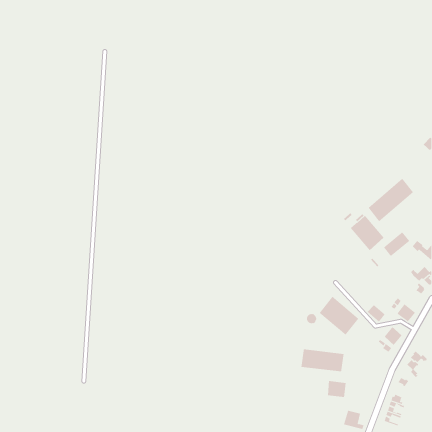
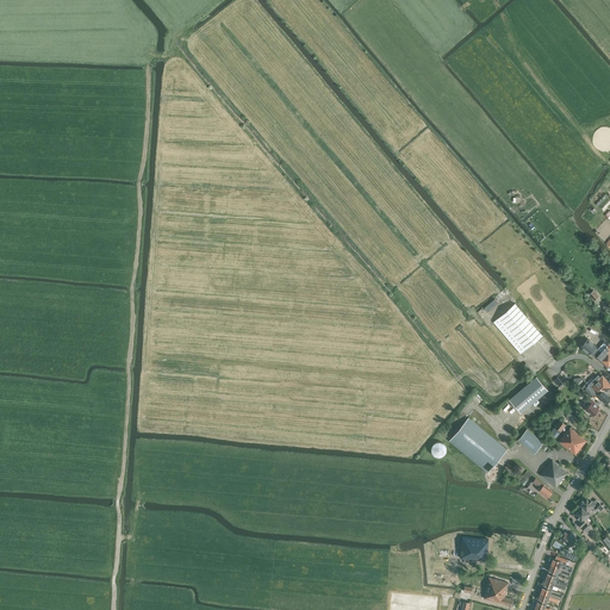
building: [368,178,414,222] -> none
building: [383,231,410,257] -> [510,378,548,413]
building: [301,349,344,372] -> none

